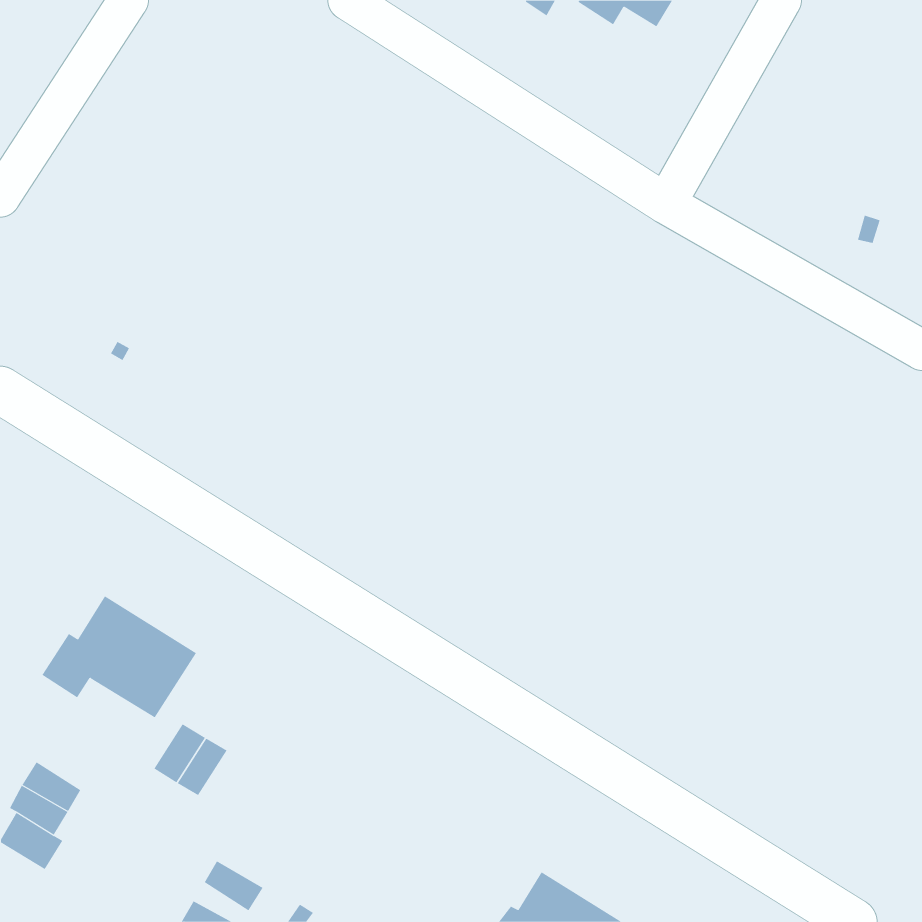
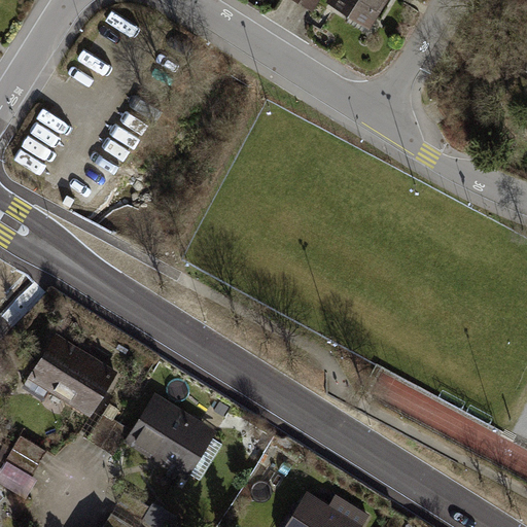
building: none -> [136,402,206,468]

